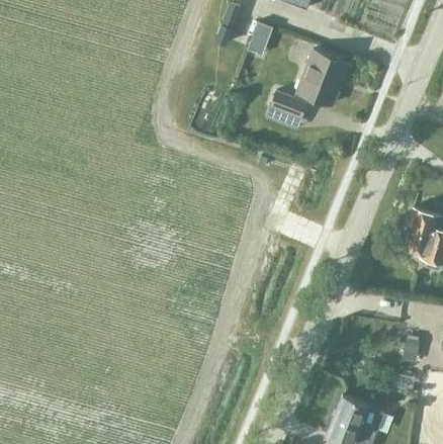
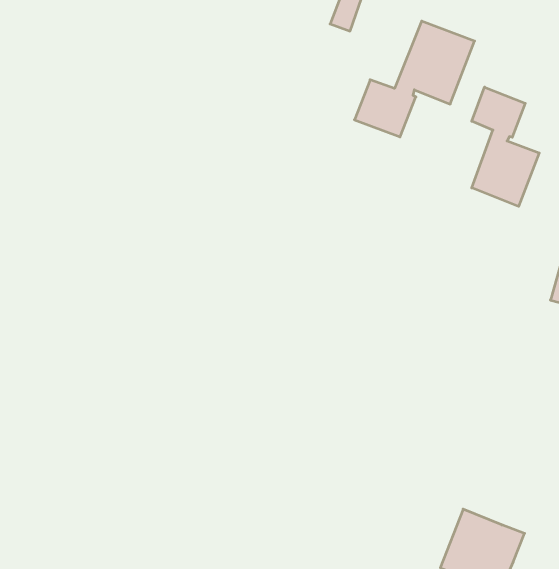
building: none -> [472,87,539,206]

